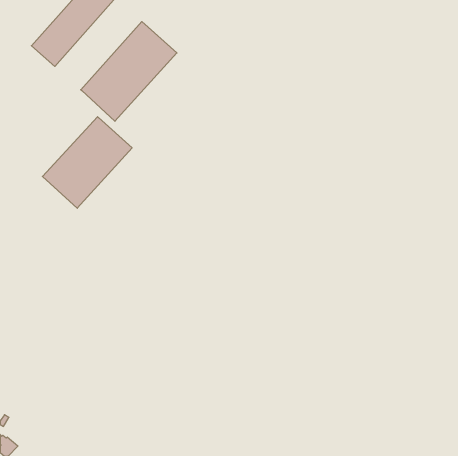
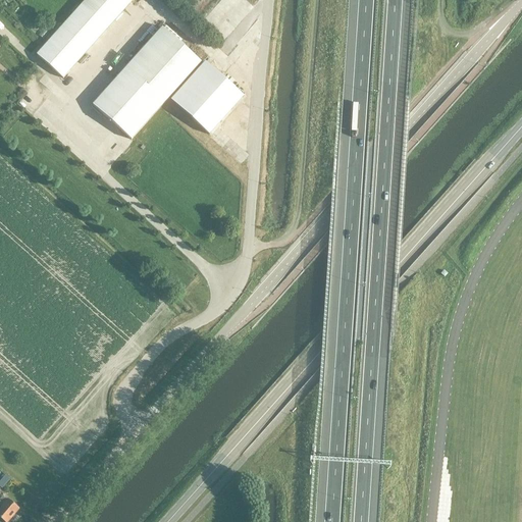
building: none -> [172,59,245,132]
building: [42,117,132,208] -> none

